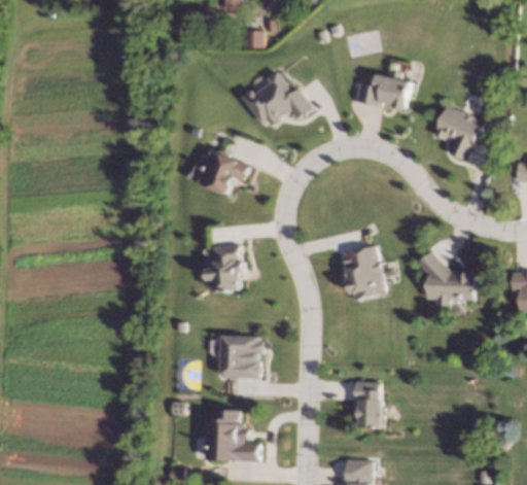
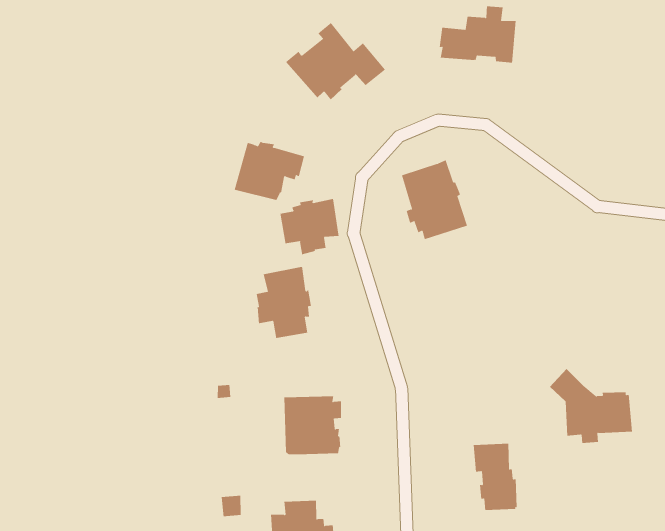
building: [431,106,483,162] -> none
building: none -> [280,198,339,255]
building: [340,246,384,302] -> [401,160,468,240]
building: [417,250,473,305] -> [549,368,633,444]

